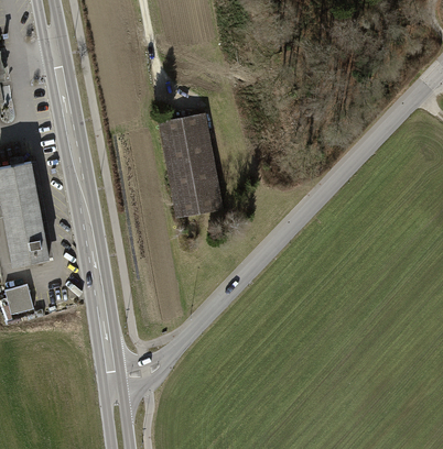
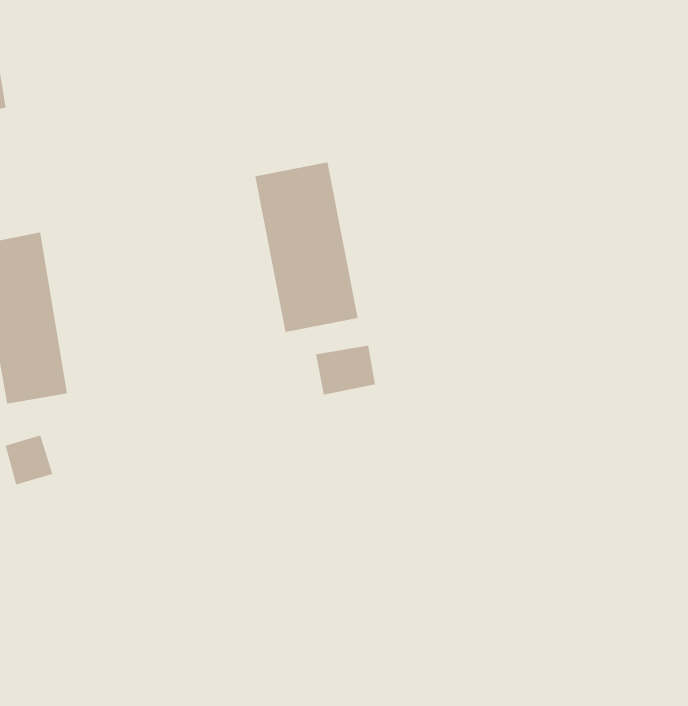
building: none -> [315,345,376,396]

